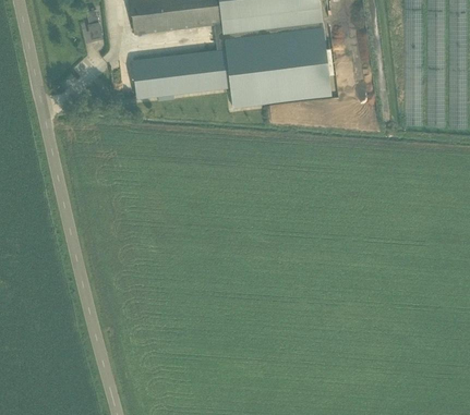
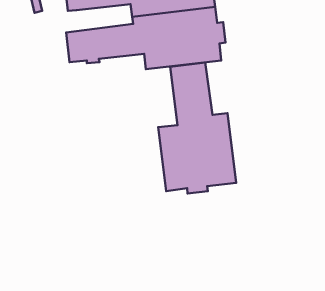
building: none -> [158,62,236,193]

